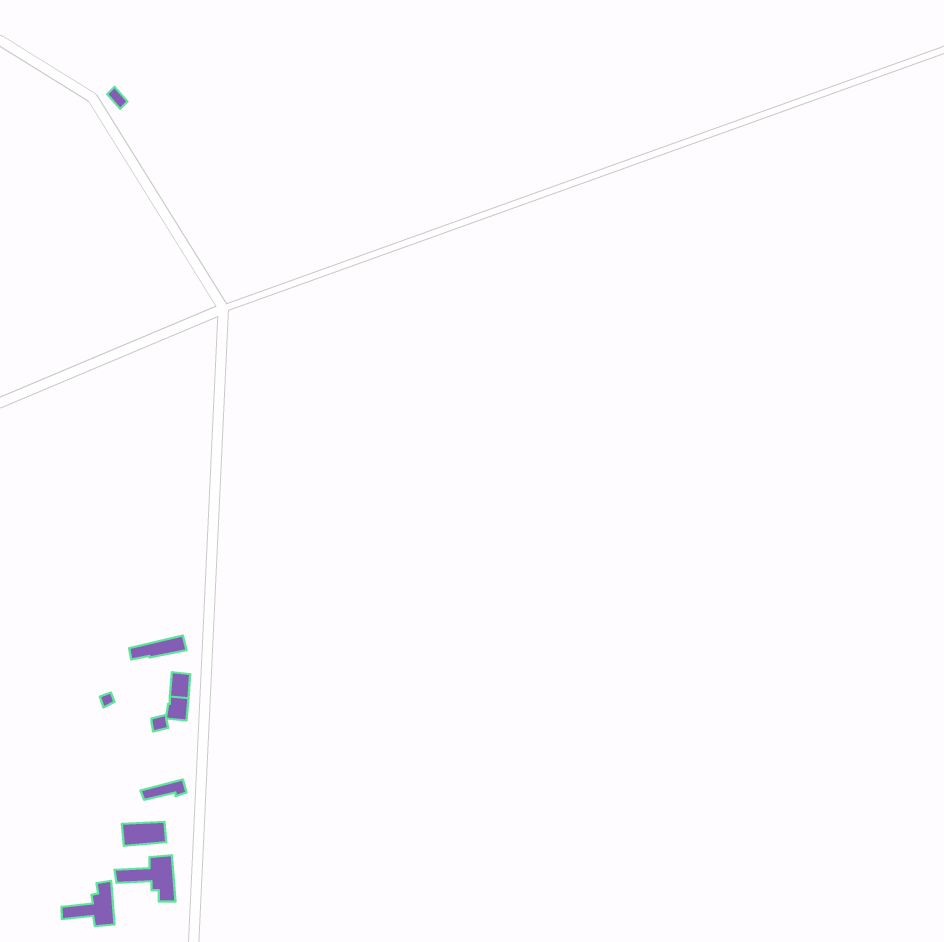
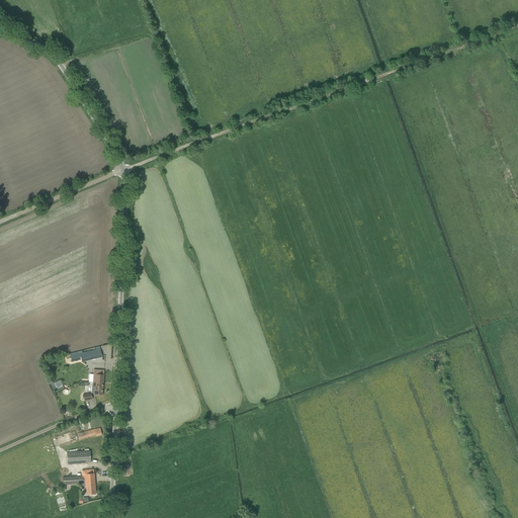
building: [62,881,115,926] -> none

